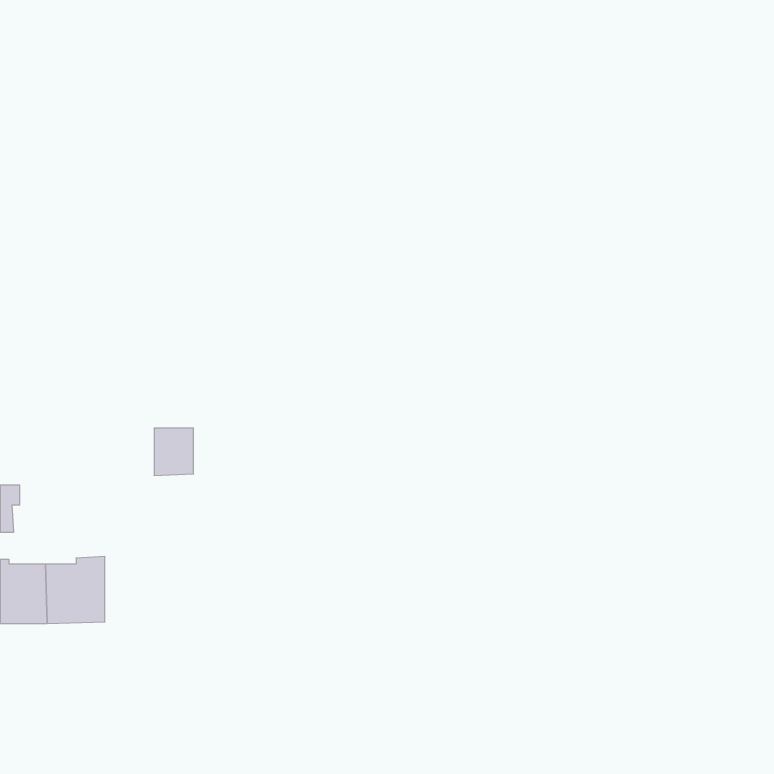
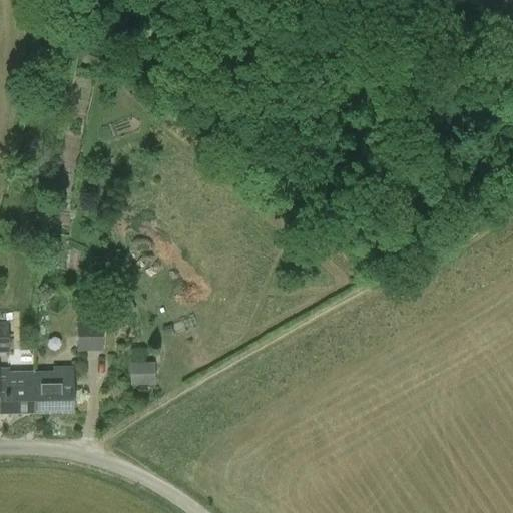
building: [154,428,194,475] -> [78,320,104,351]
building: none -> [128,359,155,384]

